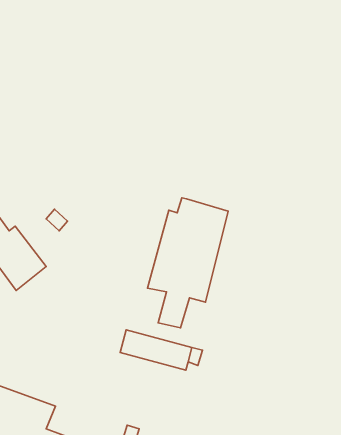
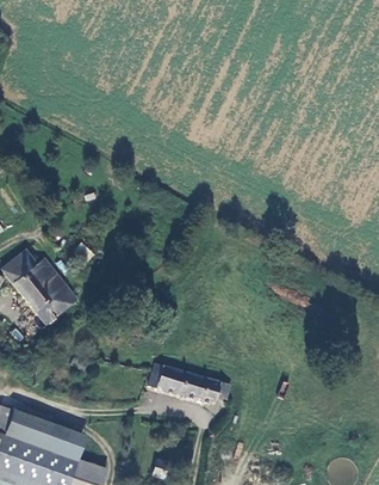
building: [148,198,228,328] -> none

